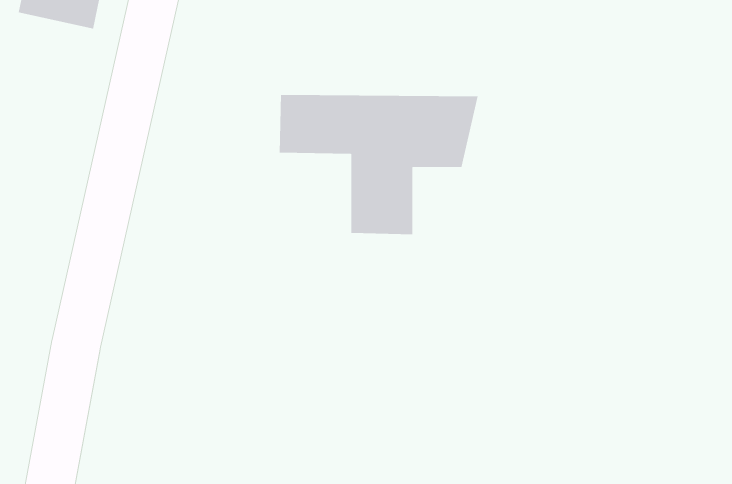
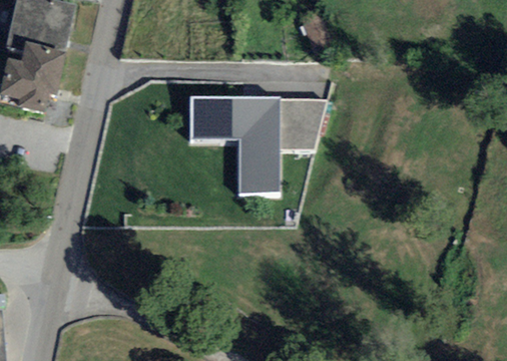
building: none -> [5,51,64,115]

